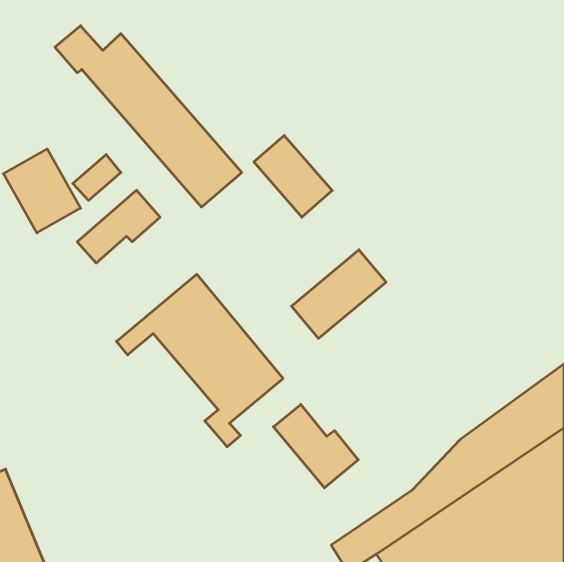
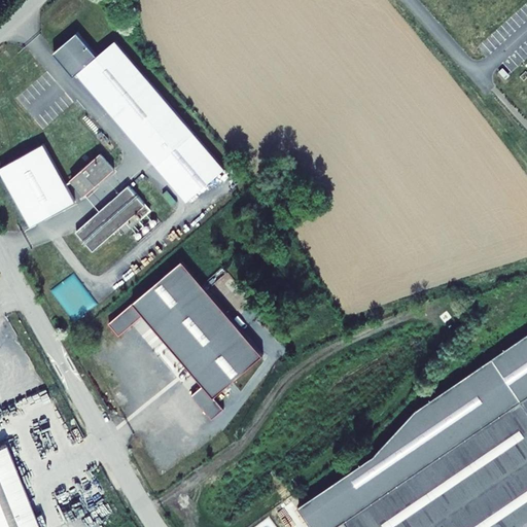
building: [254,135,332,217] -> none
building: [291,250,386,338] -> none
building: [273,404,358,488] -> none

